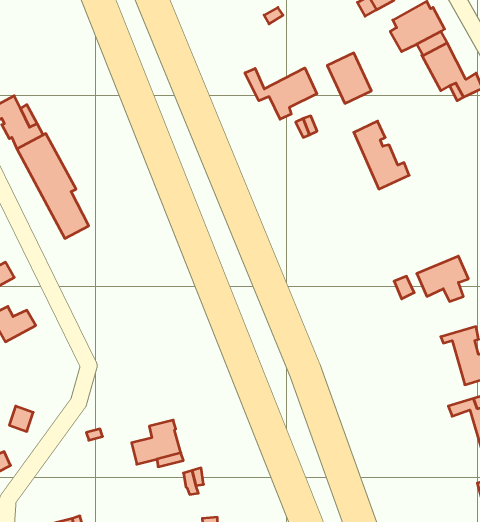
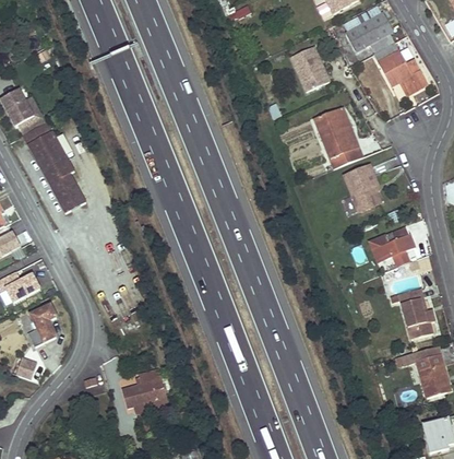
building: [245,68,317,119] -> none
building: none -> [345,165,381,211]
building: none -> [27,304,56,346]

